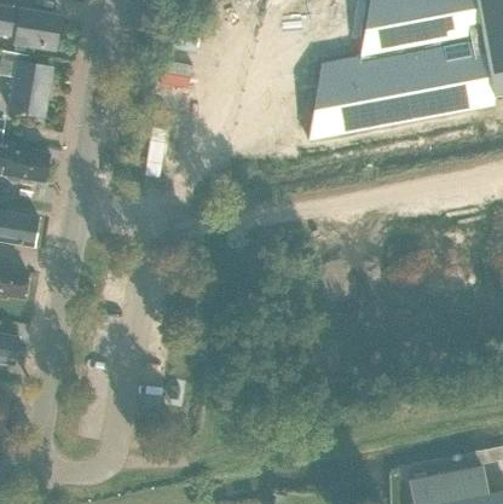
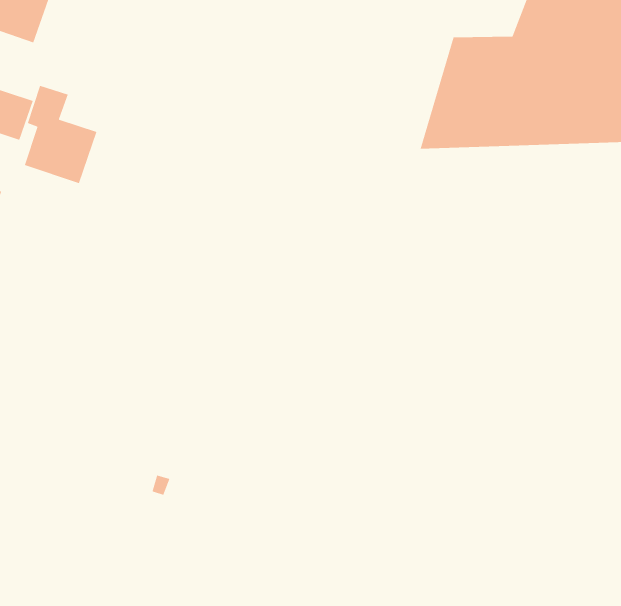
building: none -> [24,85,97,184]

